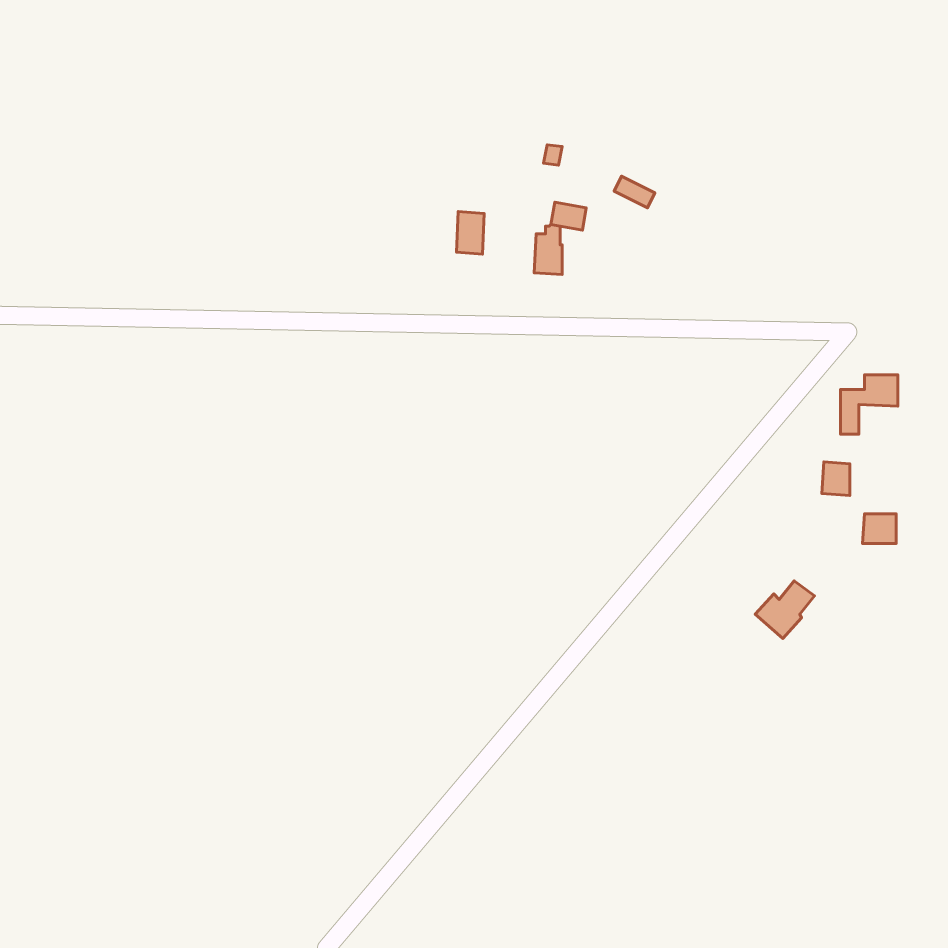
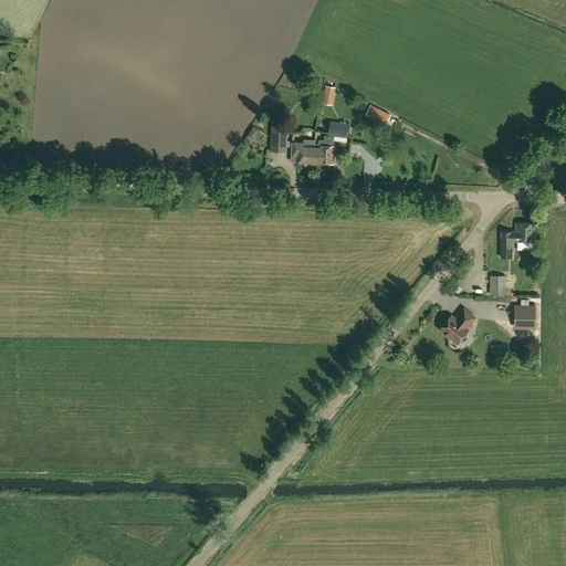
building: none -> [293,139,319,163]
building: [755,581,815,638] -> [440,308,475,343]

